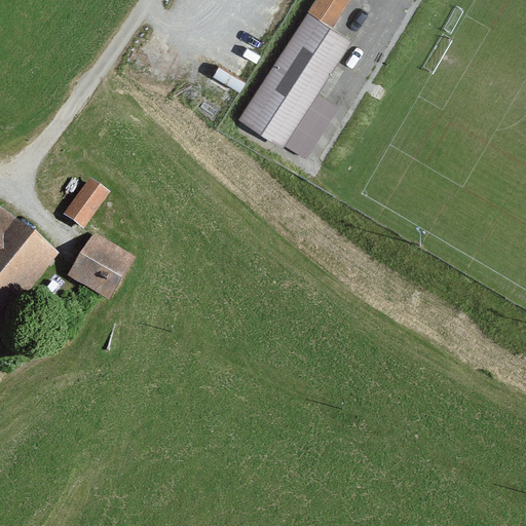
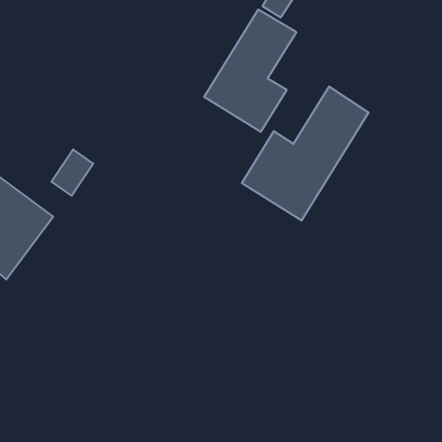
building: none -> [242,86,369,221]
building: [67,232,138,303] -> none

